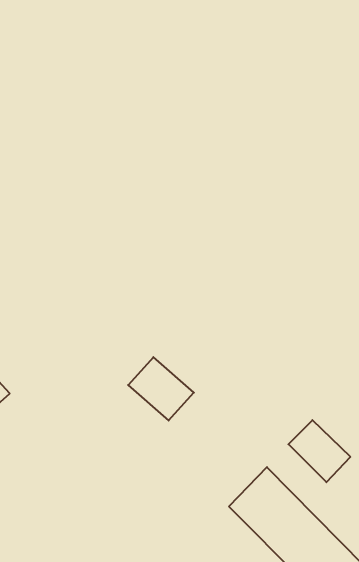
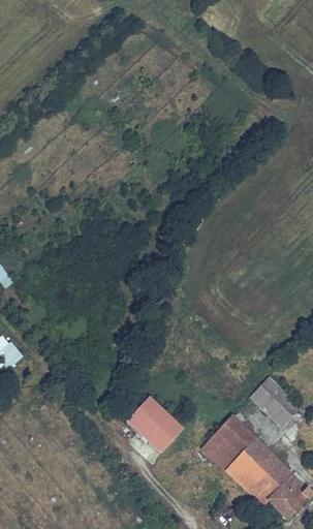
building: [128,357,194,421] -> [129,400,183,452]

